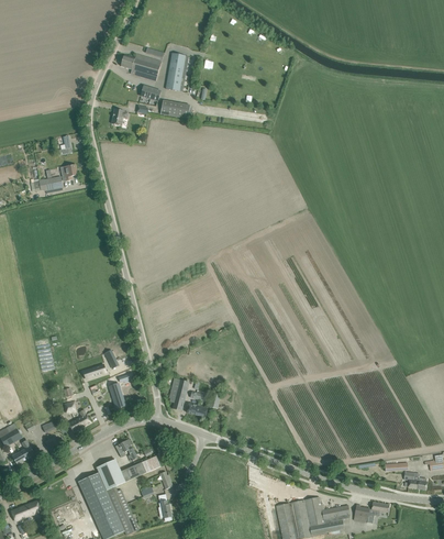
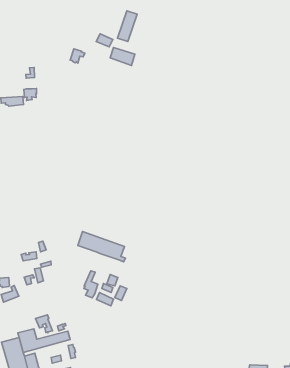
building: [121,54,162,80] -> none
building: none -> [78,231,126,262]

